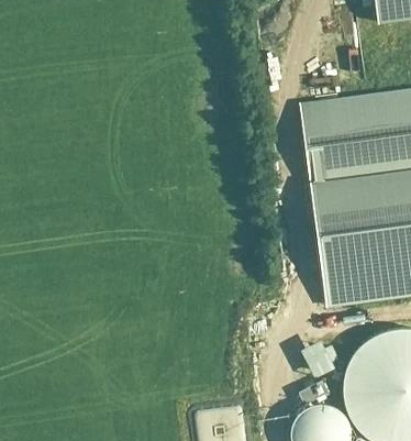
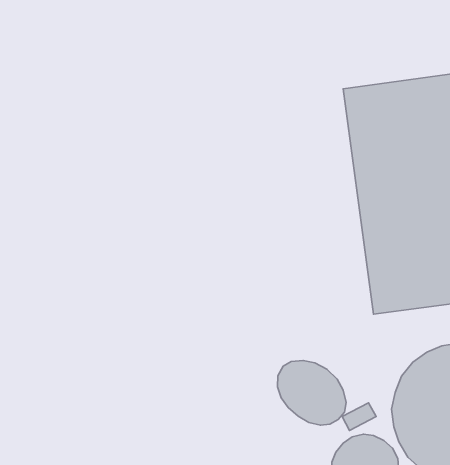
building: none -> [278,360,346,425]

